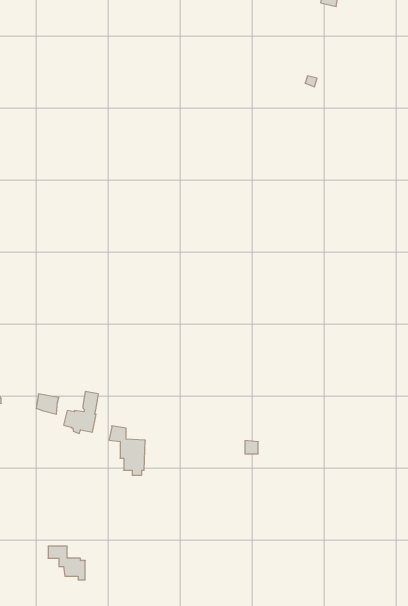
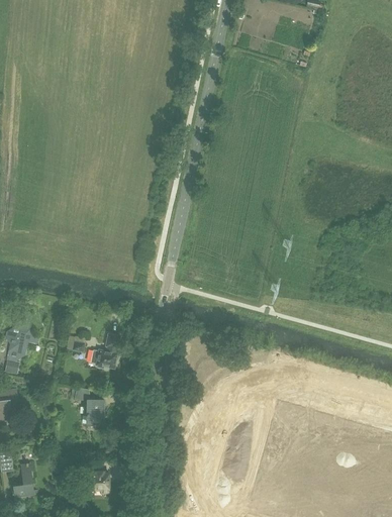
building: [109,426,145,475] -> [75,387,105,428]

